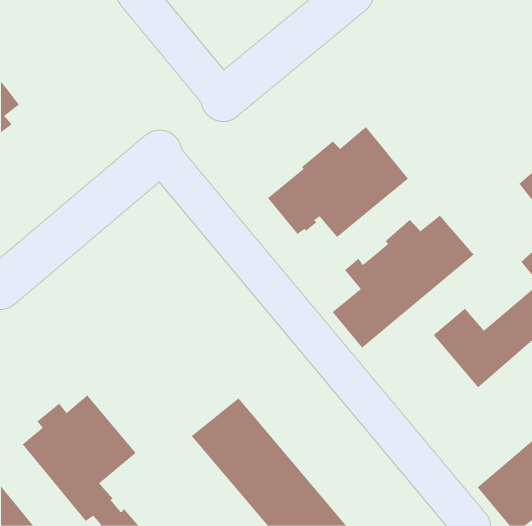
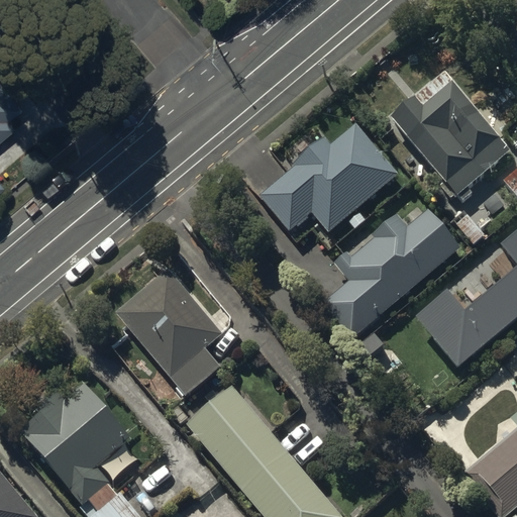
building: none -> [392,82,510,197]
building: none -> [116,270,221,395]

